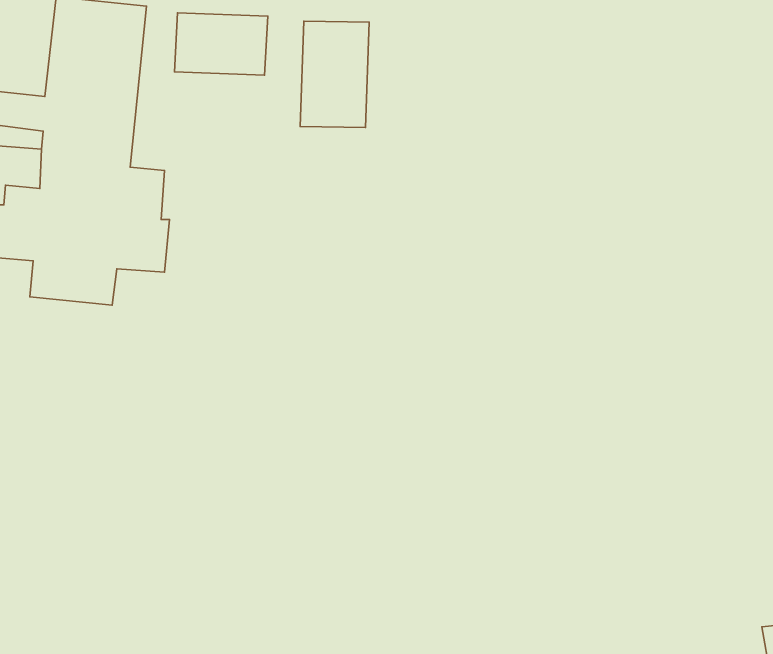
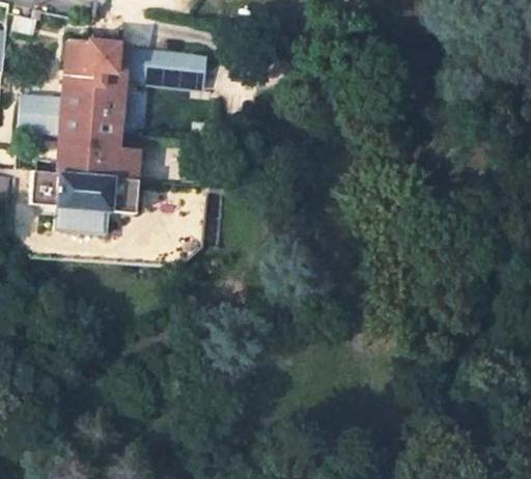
building: [300,21,369,128] -> none

